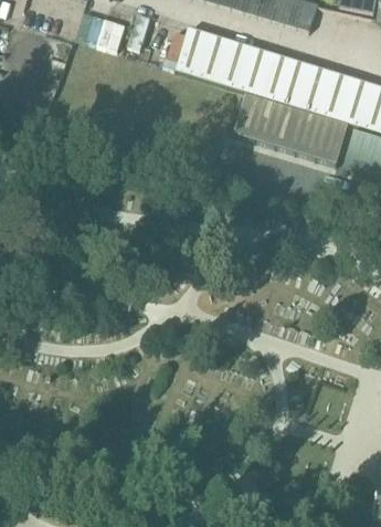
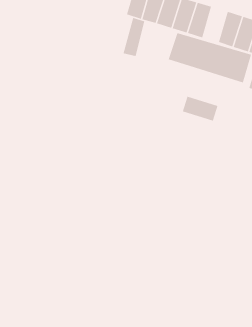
building: [279,57,313,106] -> none
building: none -> [123,17,145,57]
building: none -> [182,96,218,122]

